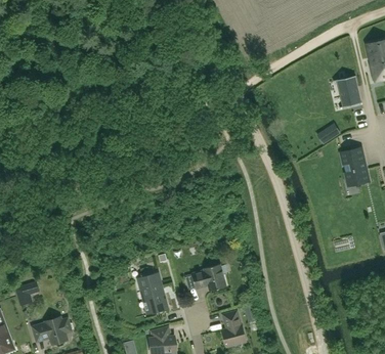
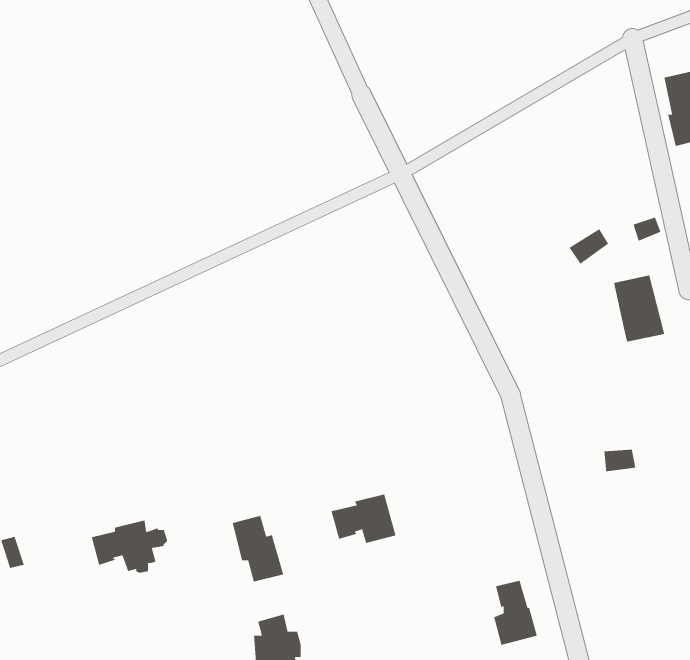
building: [333,76,361,108] -> none
building: [222,311,246,346] -> [493,580,538,646]
building: [33,317,74,346] -> [91,519,168,574]

